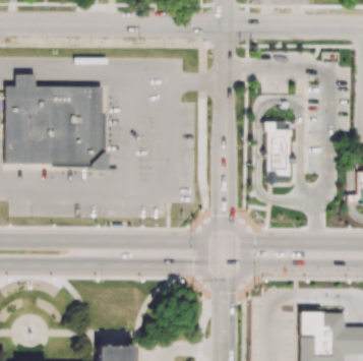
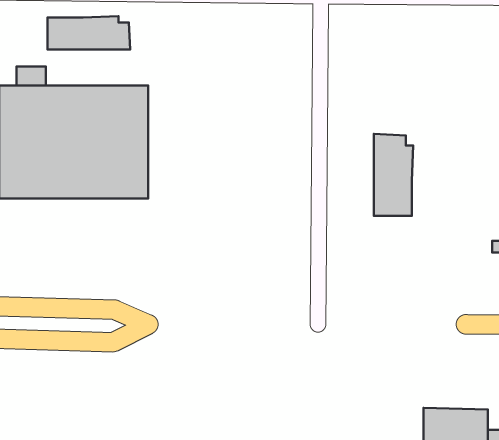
building: none -> [47,16,130,49]

